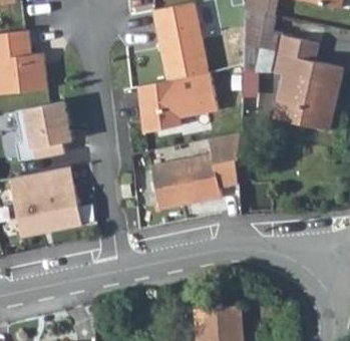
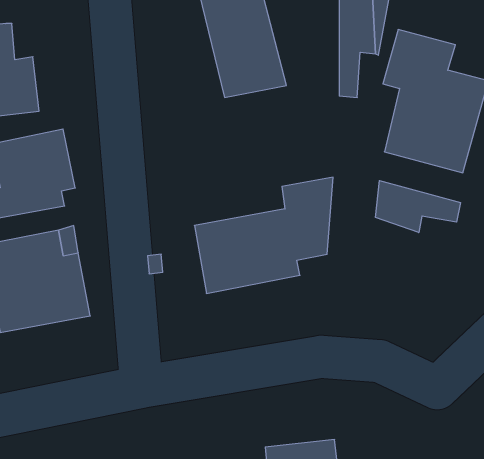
building: [138,71,219,131] -> none
building: none -> [376,181,461,233]

